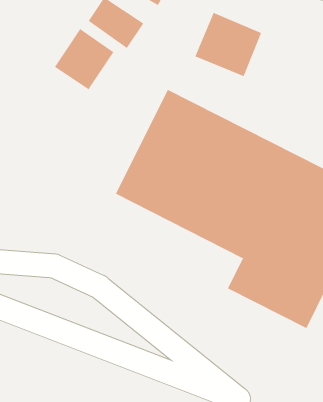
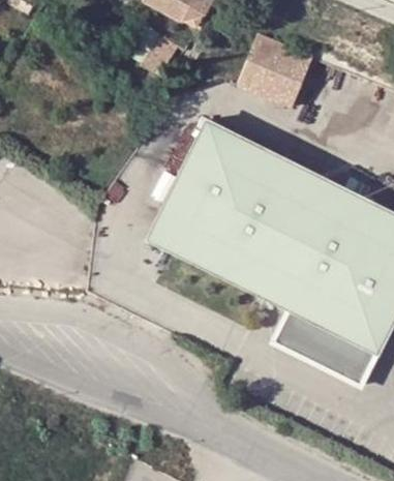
building: [54,28,114,90] -> none

